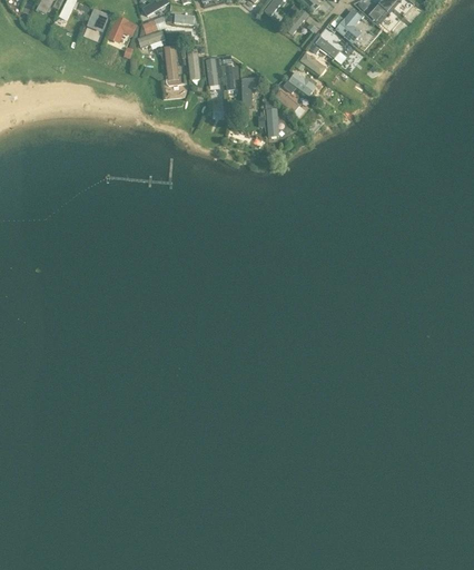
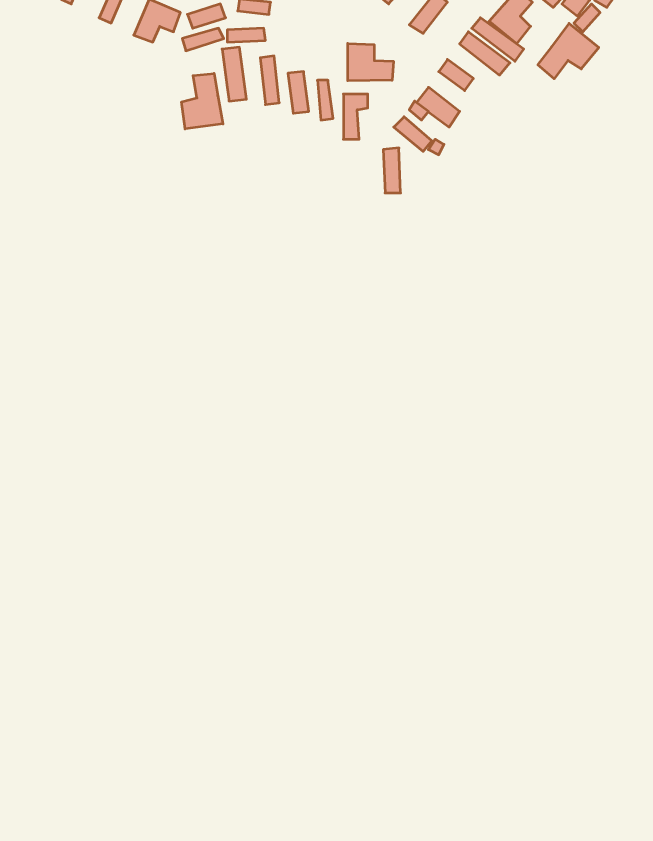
building: none -> [538,23,599,79]
building: none -> [348,43,393,81]
building: none -> [182,73,223,129]

